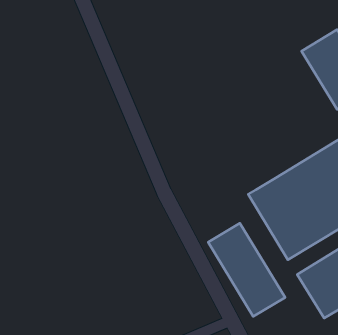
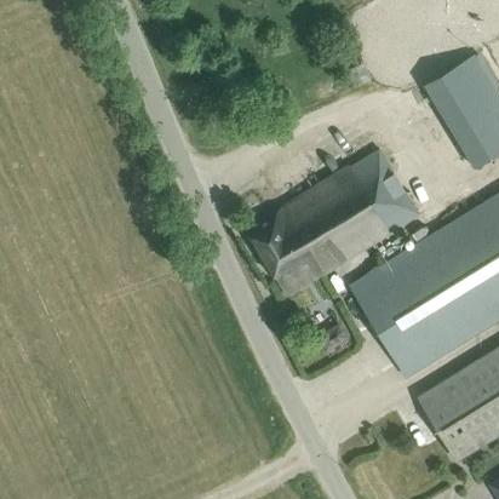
building: none -> [248,149,417,280]
building: [208,223,285,316] -> none

